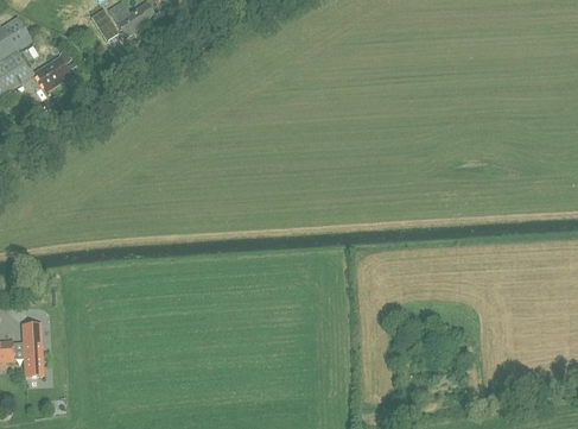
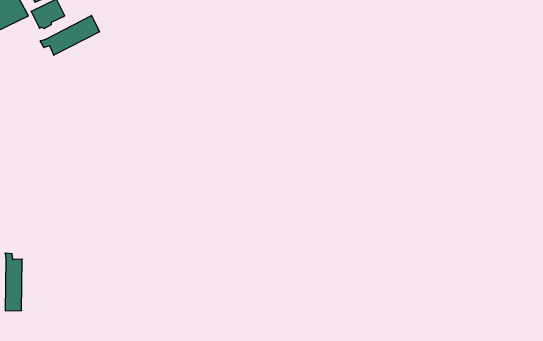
building: none -> [40,15,99,55]

